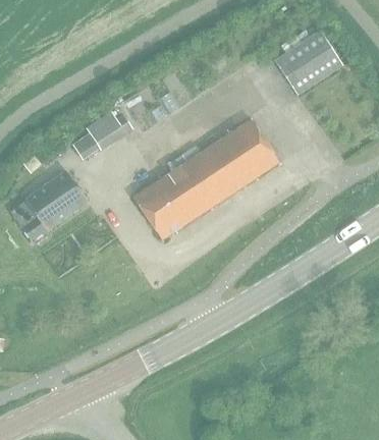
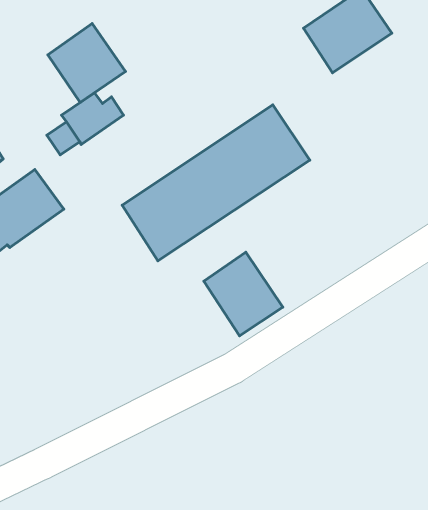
building: none -> [48,24,125,103]
building: none -> [204,252,283,336]

